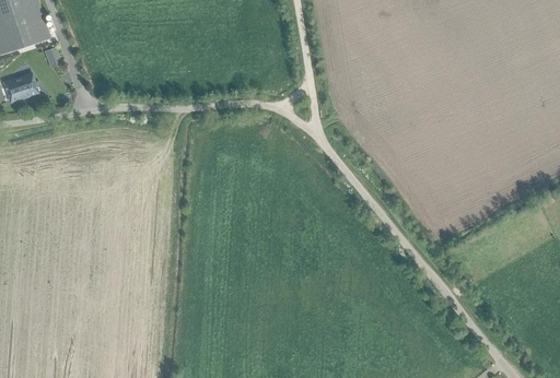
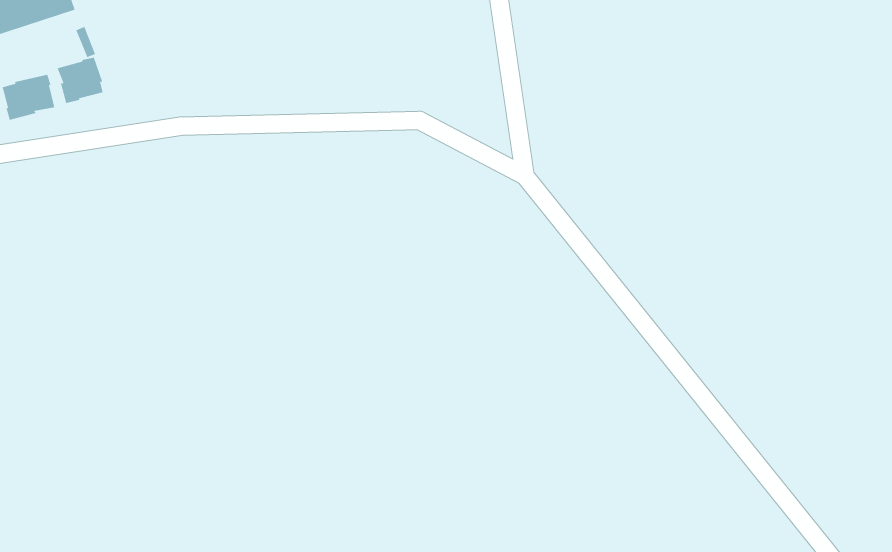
building: none -> [57,57,103,104]

